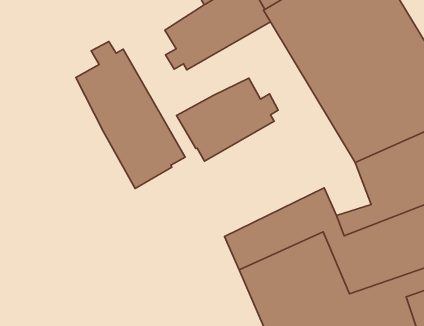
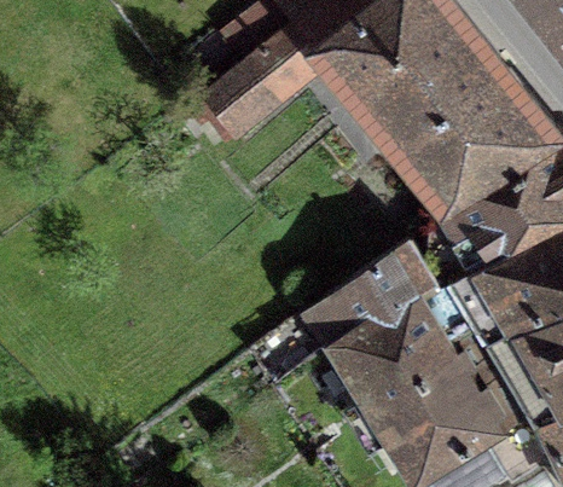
building: [76,41,185,189] -> none
building: [177,78,278,161] -> none

